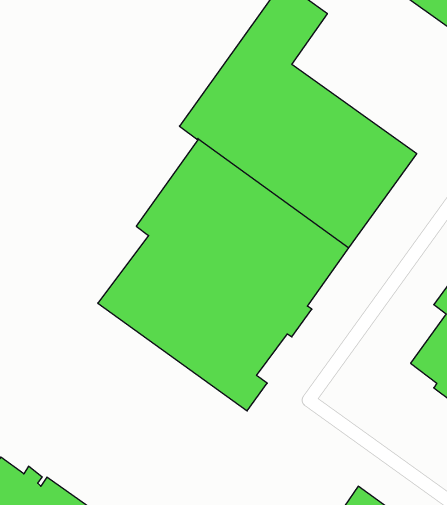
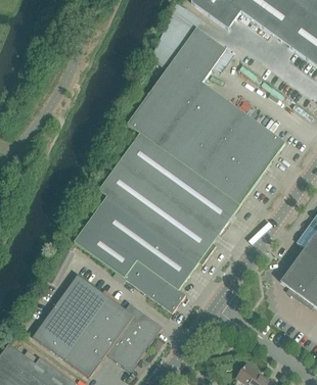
building: none -> [32,269,162,371]

